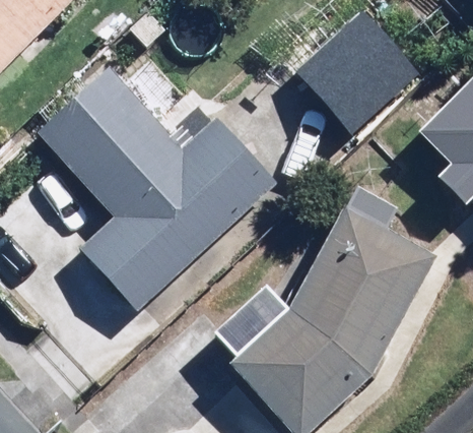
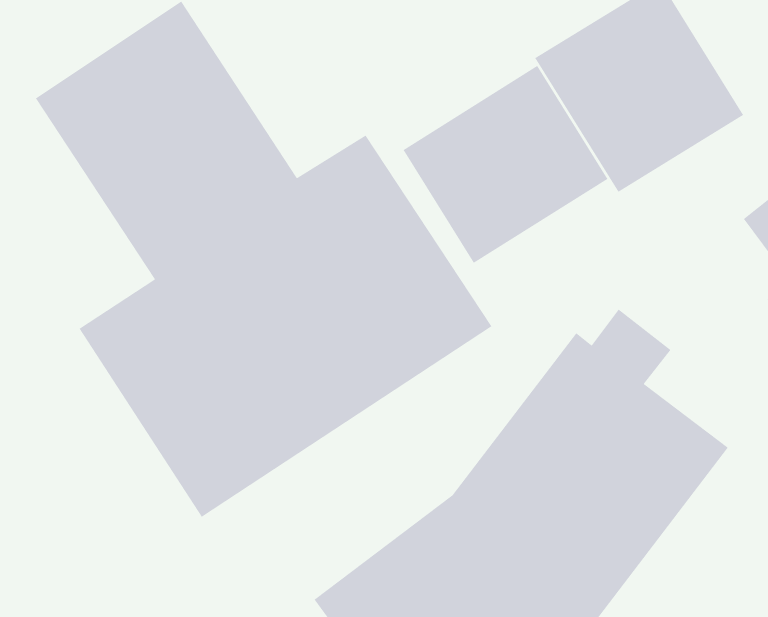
building: none -> [403,65,609,264]

